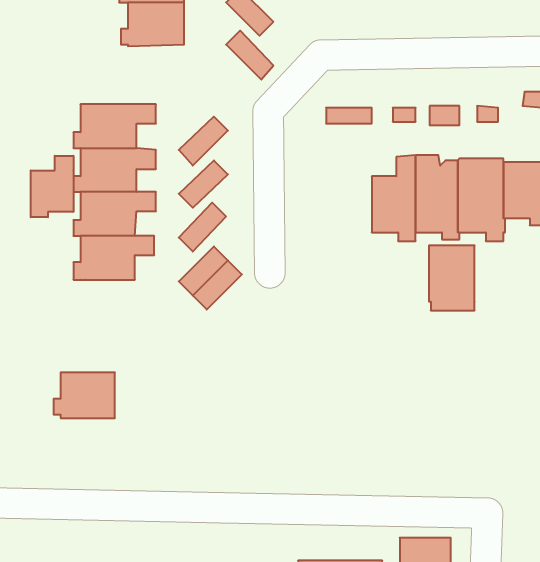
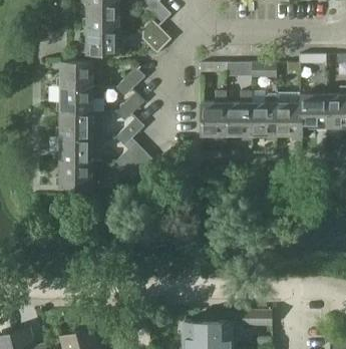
building: none -> [82,27,119,53]
building: [31,156,73,217] -> none
building: [429,245,475,310] -> [201,102,227,139]
building: [54,372,115,418] -> [56,161,91,188]

